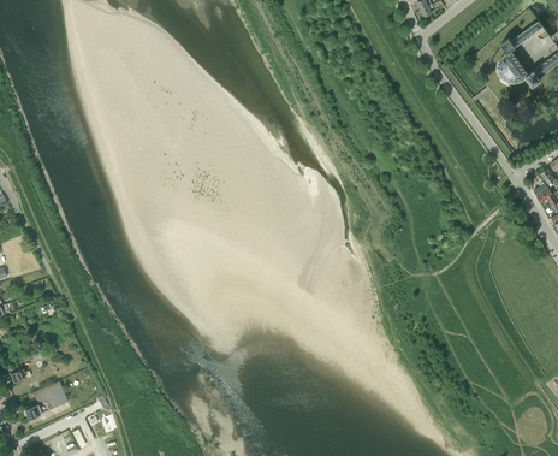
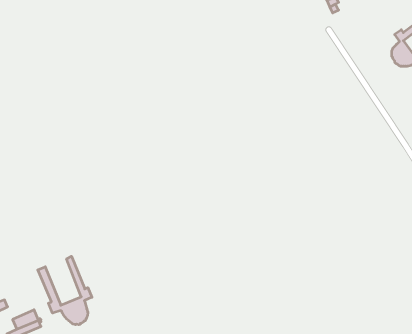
building: none -> [38,256,92,325]

